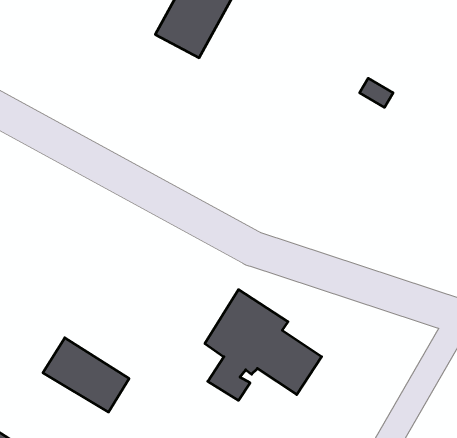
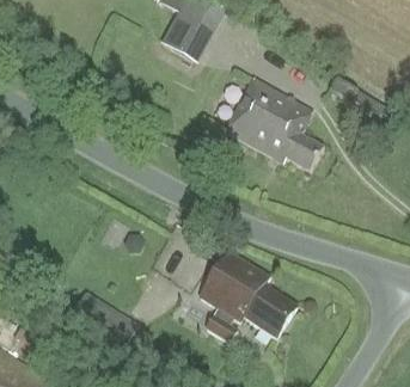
building: none -> [224,79,323,171]

